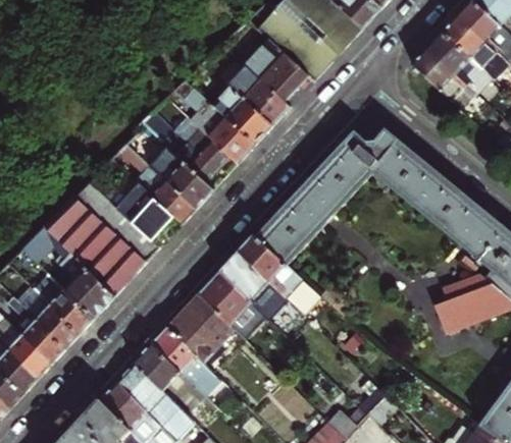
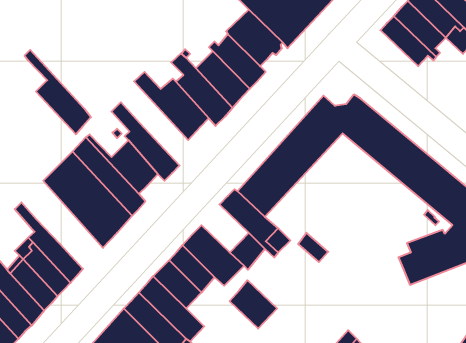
building: [141,117,212,208] -> [25,50,91,134]
building: [25,224,113,319] -> none
building: [219,250,270,301] -> [230,280,277,329]

